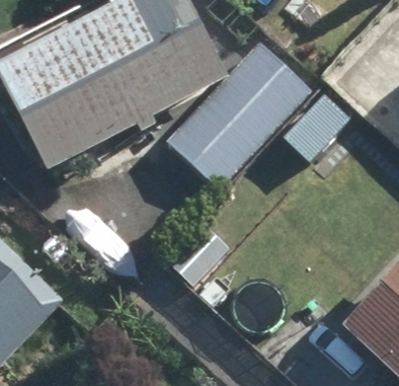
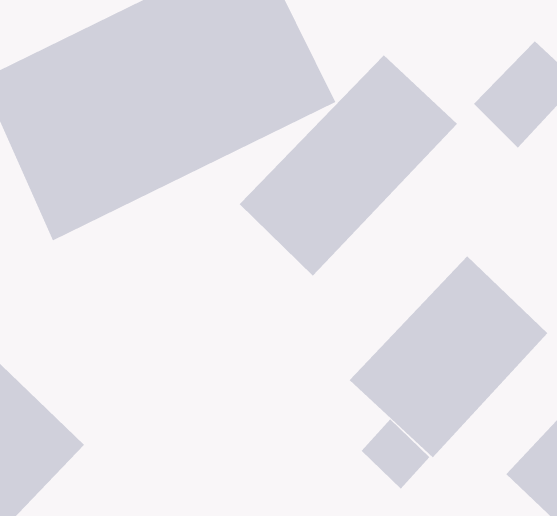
building: none -> [349,256,548,458]

